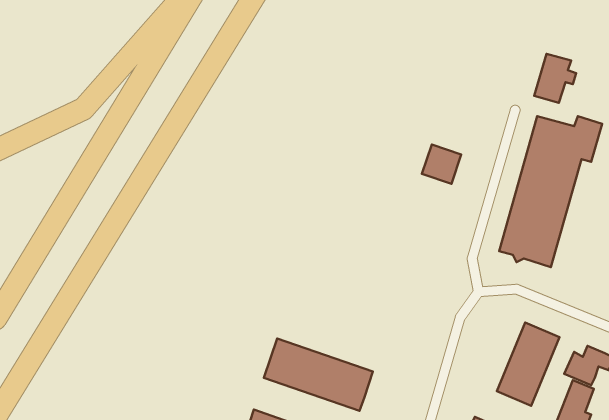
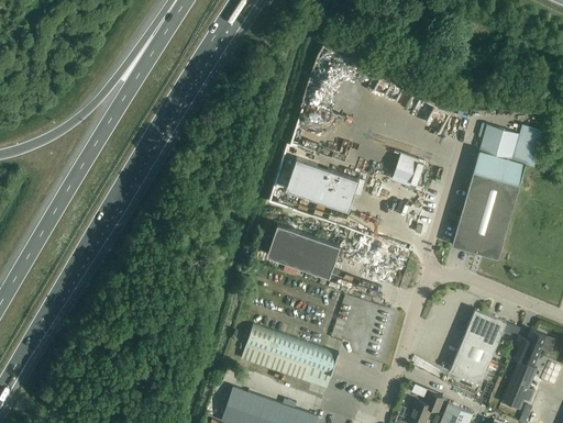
building: [534,54,576,103] -> none
building: none -> [286,159,358,212]
building: none -> [267,225,340,277]

